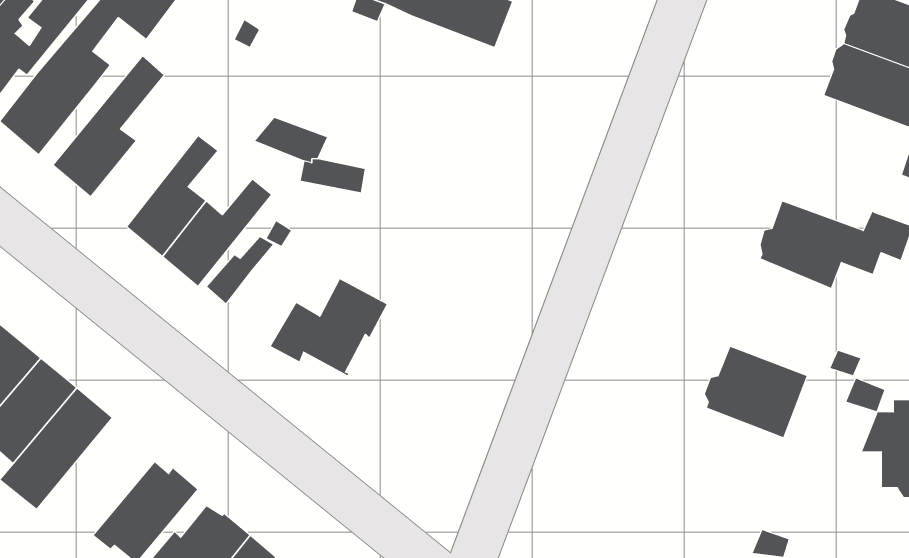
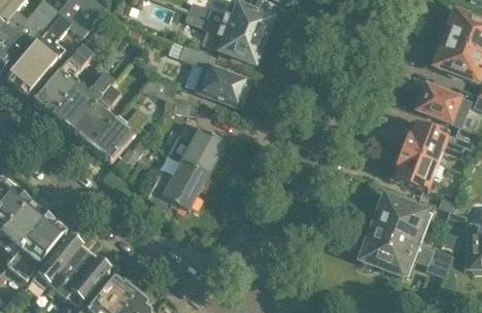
building: none -> [210,24,263,64]
building: none -> [178,44,246,105]
building: none -> [54,72,114,133]
building: none -> [415,83,470,126]
building: none -> [167,124,223,173]
building: none -> [389,149,442,190]
building: none -> [357,227,450,276]
building: none -> [31,235,87,292]

